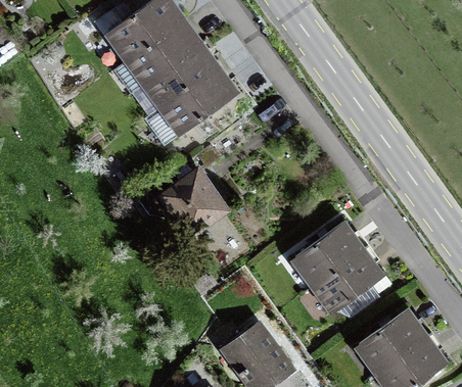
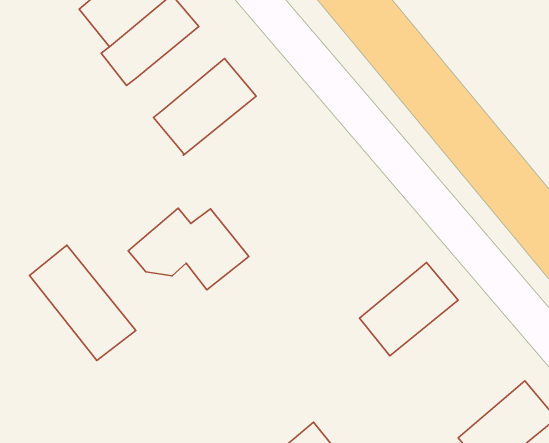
building: [149,41,220,103] -> none
building: none -> [30,245,136,360]
building: [315,248,384,311] -> none

